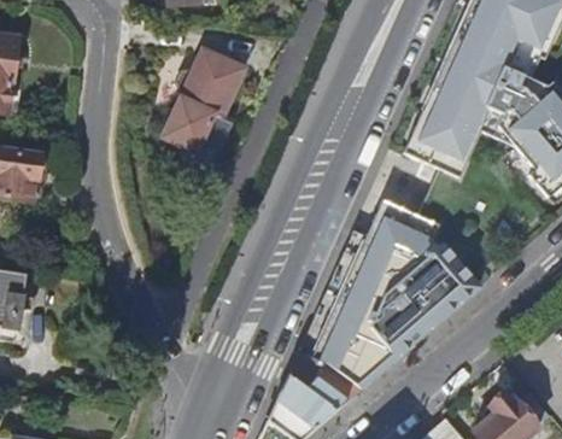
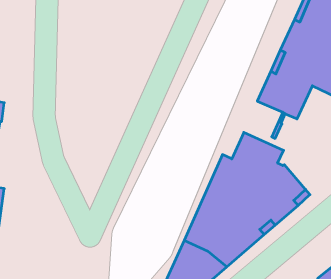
building: [166,51,244,164] -> none

